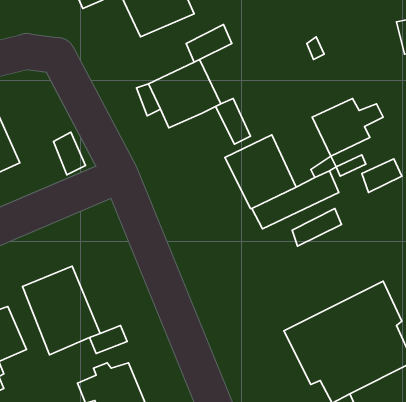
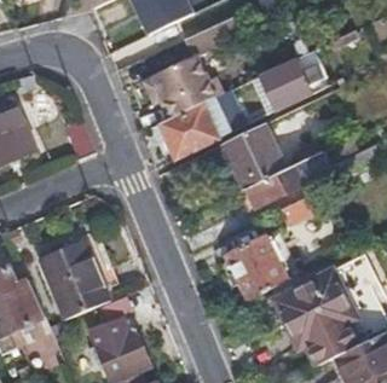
building: [312,98,383,156] -> [256,58,320,110]
building: none -> [149,103,216,161]
building: none -> [221,237,287,298]

